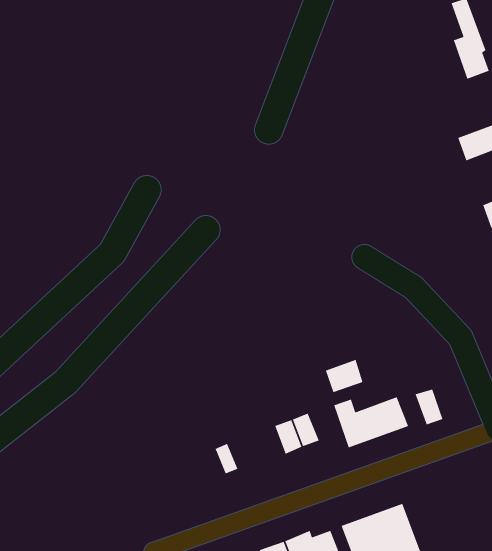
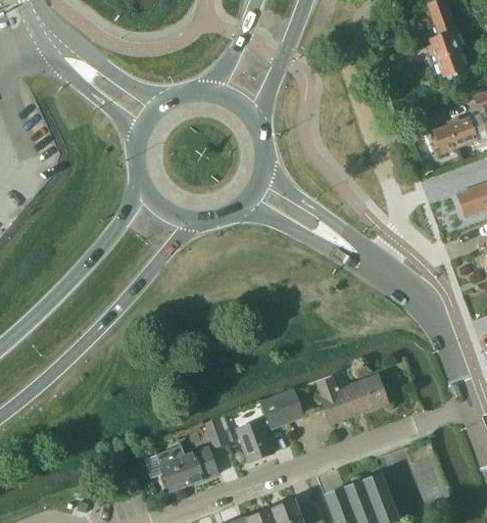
building: [325,359,364,393] -> none
building: [415,388,443,426] -> none
building: none -> [237,419,275,461]
building: none -> [157,445,218,490]

